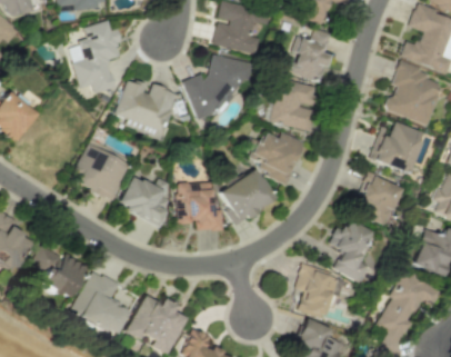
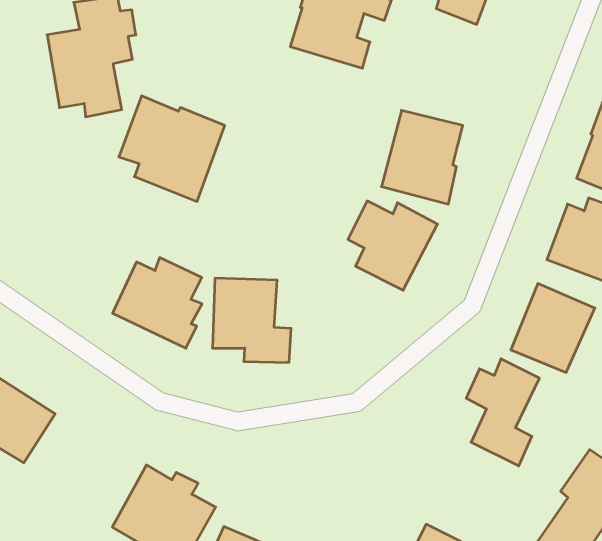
building: [283,28,333,81] -> none
building: [184,54,254,119] -> none
building: [70,141,129,200] -> none
building: [219,168,277,222] -> none
building: [297,266,345,318] -> none
building: [73,270,140,336] -> none

